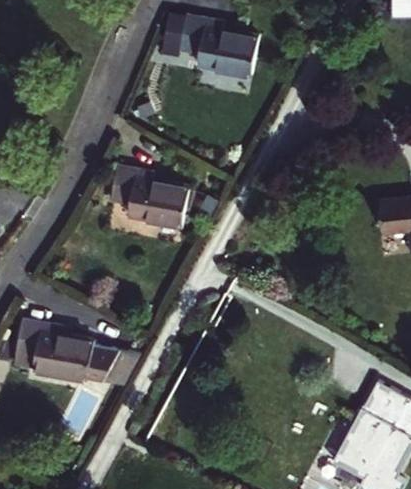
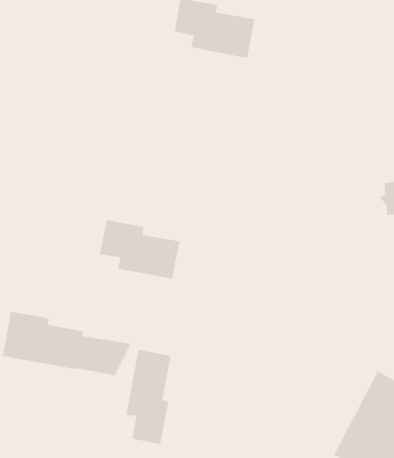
building: [109,168,188,226] -> [99,219,180,279]
building: none -> [126,349,171,445]

